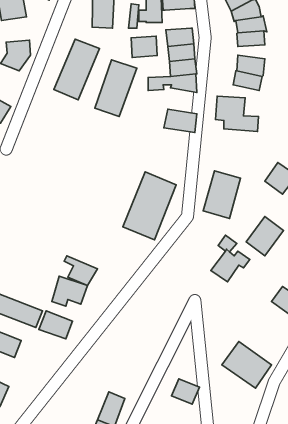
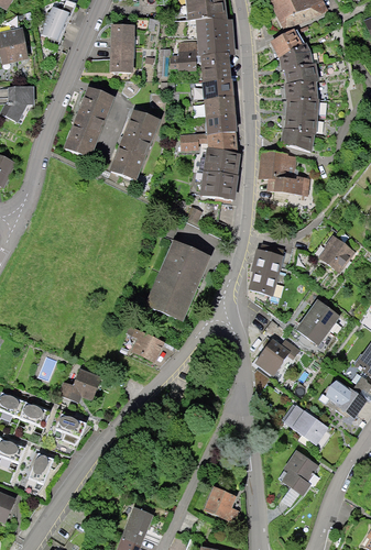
building: [131,36,157,58] -> [198,52,229,77]
building: none -> [284,95,318,111]
building: none -> [201,145,240,176]
building: [64,256,98,286] -> [124,325,164,360]
building: none -> [274,396,327,444]
building: none -> [26,450,52,482]

